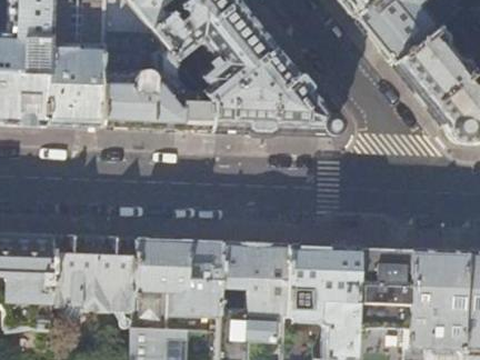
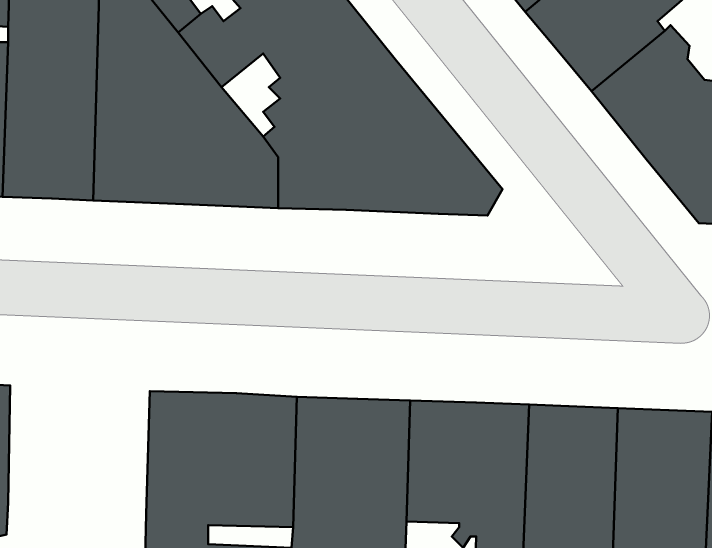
building: [48,234,131,318] -> none

